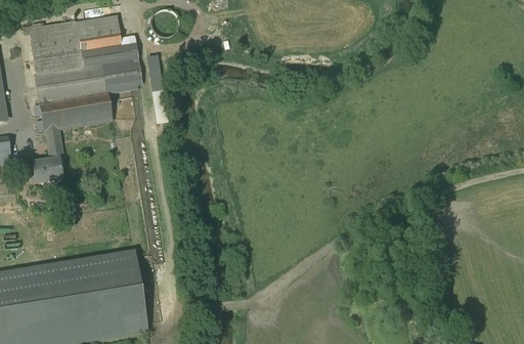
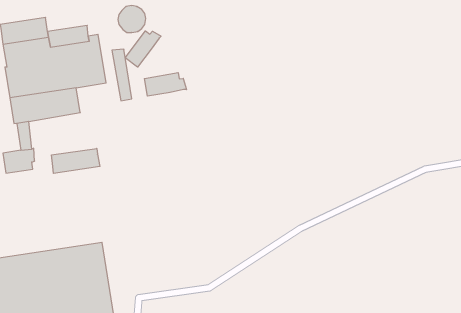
building: [76,14,119,35] -> none
building: none -> [125,31,161,67]
building: none -> [144,73,186,96]
building: none -> [52,148,100,173]

